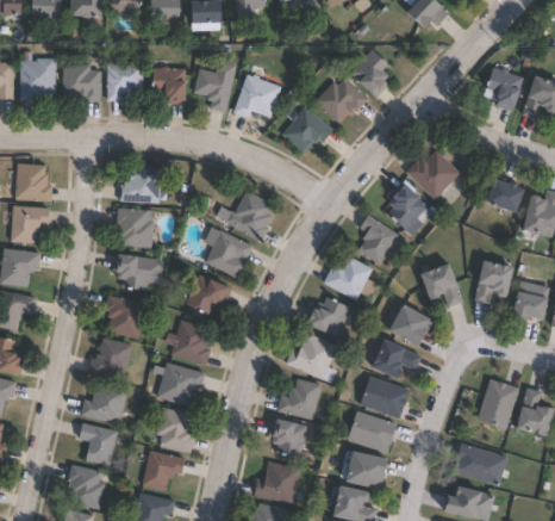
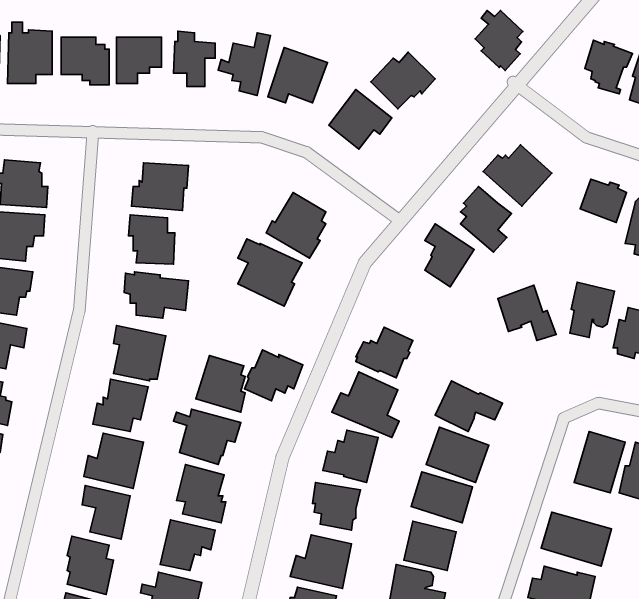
building: [348,49,386,97] -> [475,11,523,70]
building: [320,254,374,299] -> none
building: [189,273,236,314] -> [244,350,303,401]
building: [381,303,430,347] -> none

